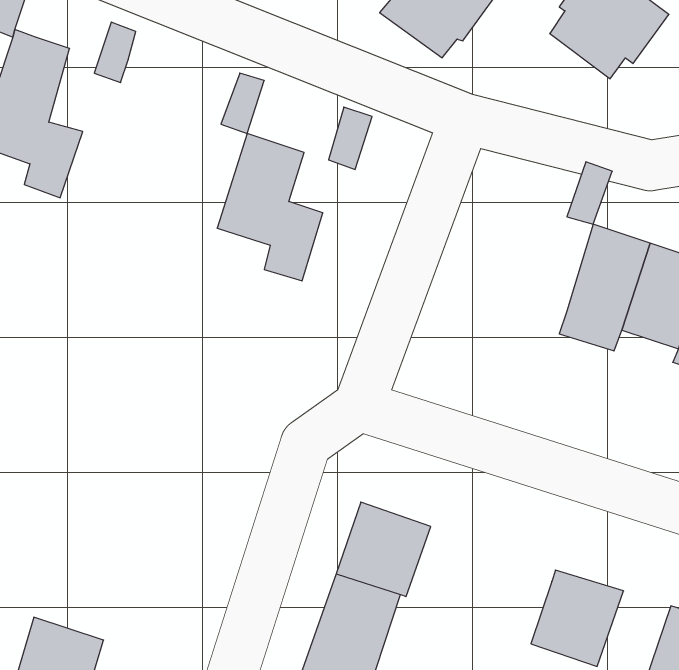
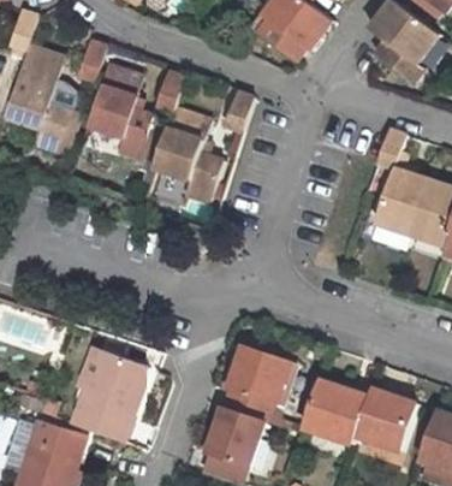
building: none -> [84,64,153,156]
building: none -> [64,340,138,437]
building: none -> [298,378,367,441]

